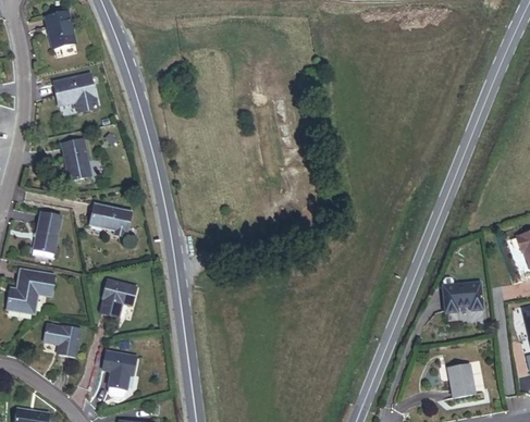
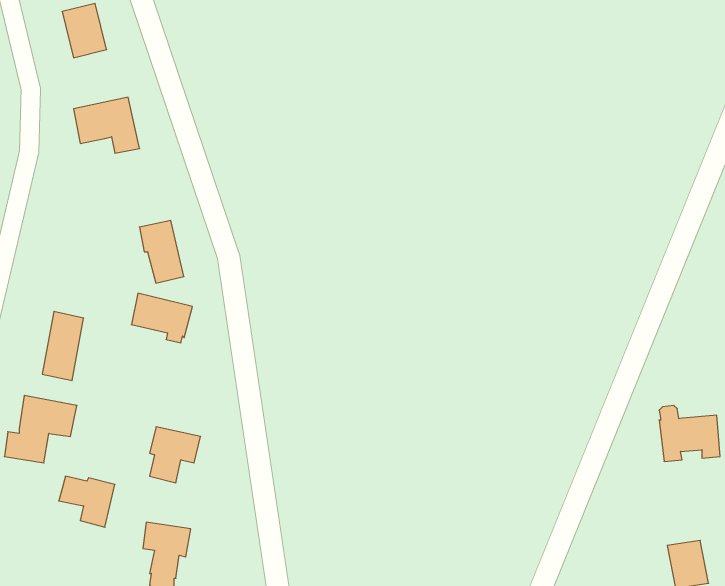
building: [61,137,90,178] -> [139,220,184,283]

